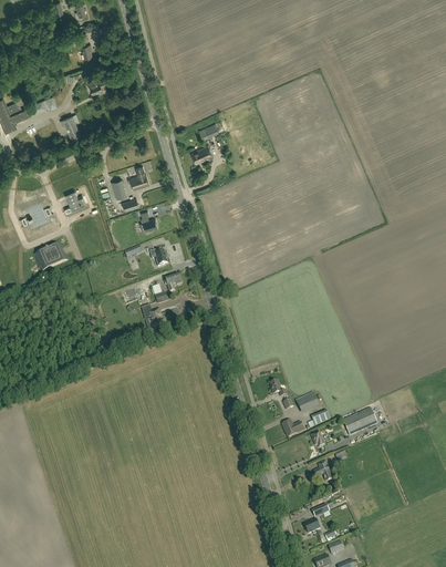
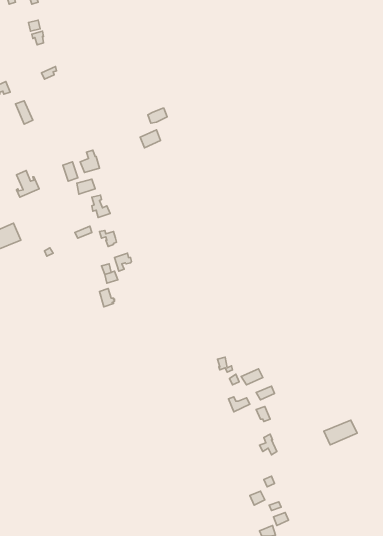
building: [343,409,377,434] -> [324,420,357,445]

